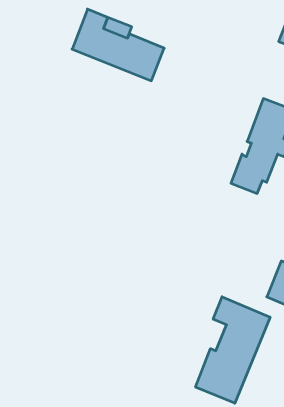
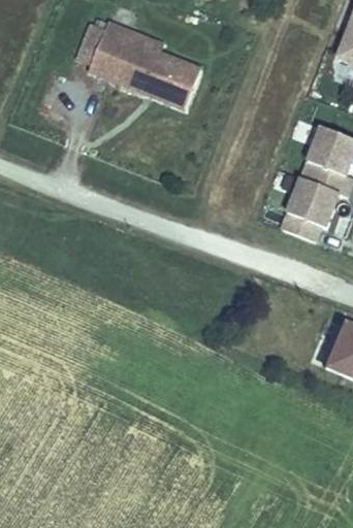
building: [196,297,270,403] -> none

